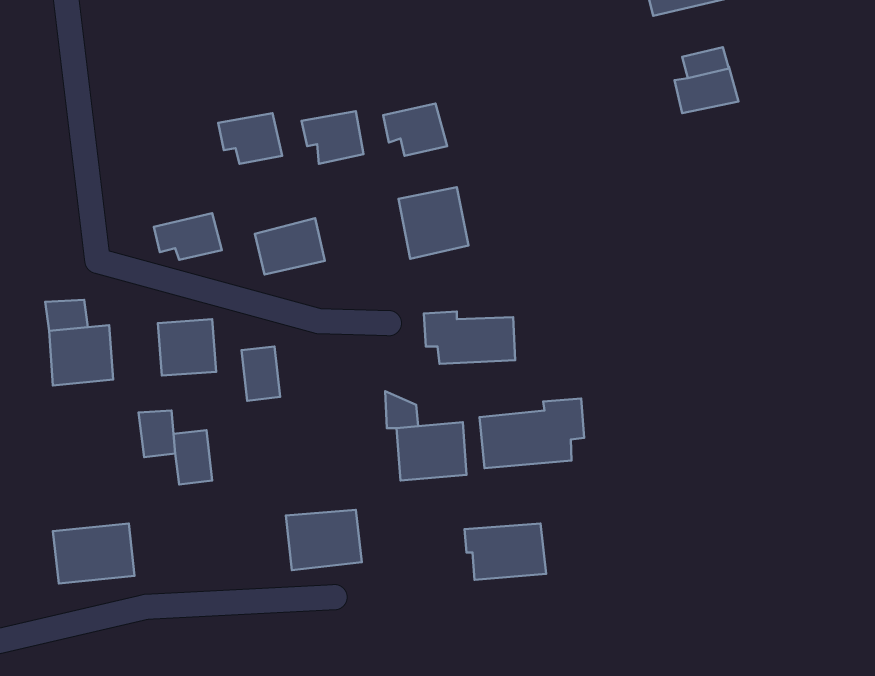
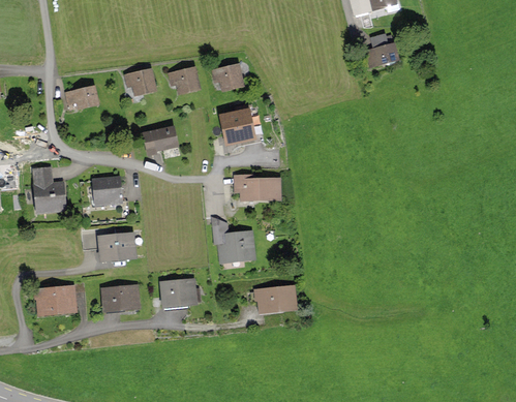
building: [154,213,222,260] -> [63,84,99,109]
building: [241,346,280,401] -> [116,234,136,262]
building: [480,398,584,468] -> none
building: none -> [101,285,141,312]

